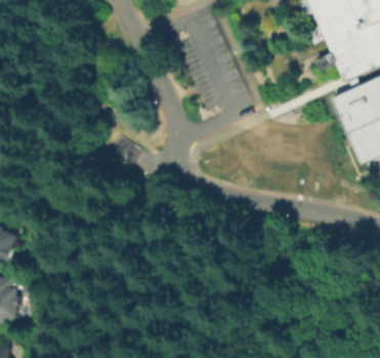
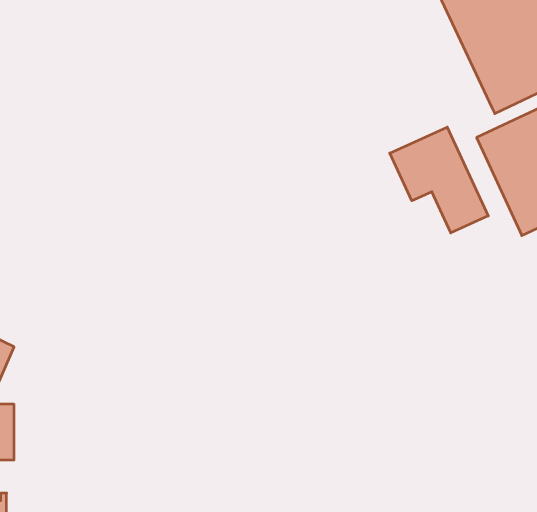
building: none -> [390,127,488,233]

